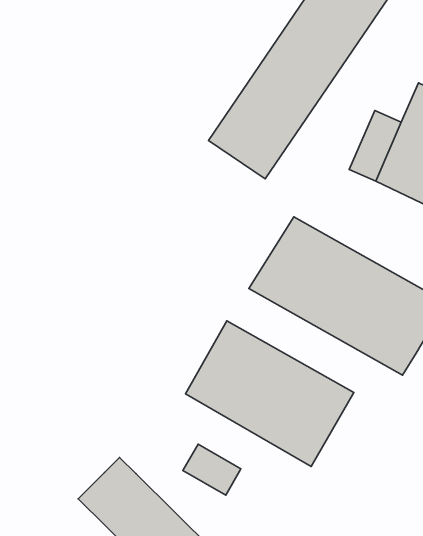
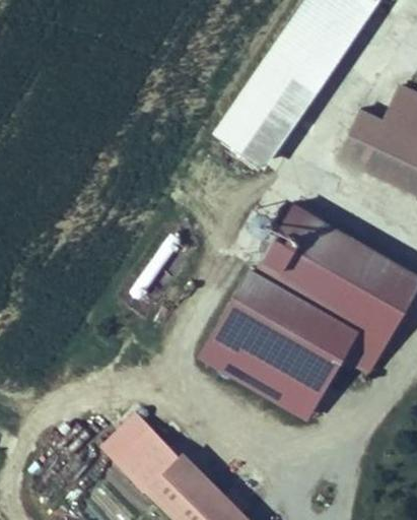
building: none -> [232,264,387,370]
building: [183,444,241,495] -> none

